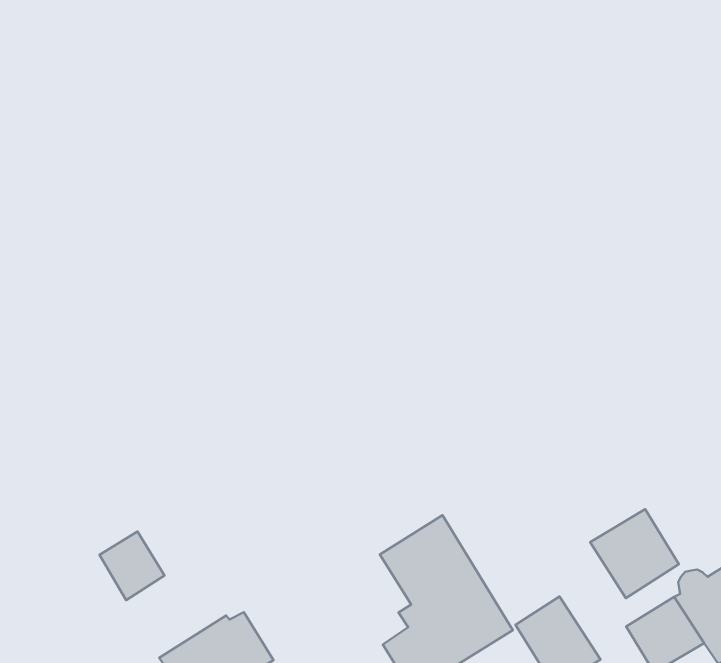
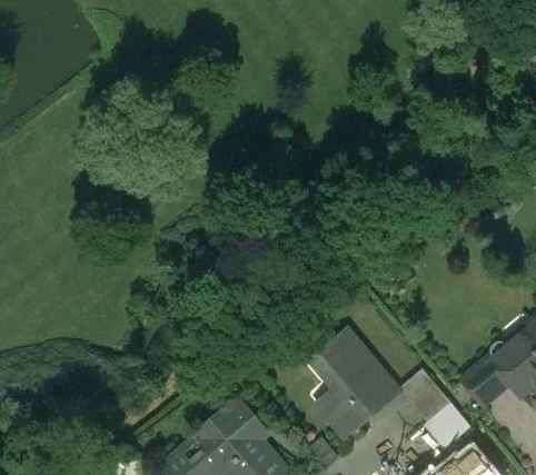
building: [590,509,679,598] -> none
building: [99,532,165,600] -> none

